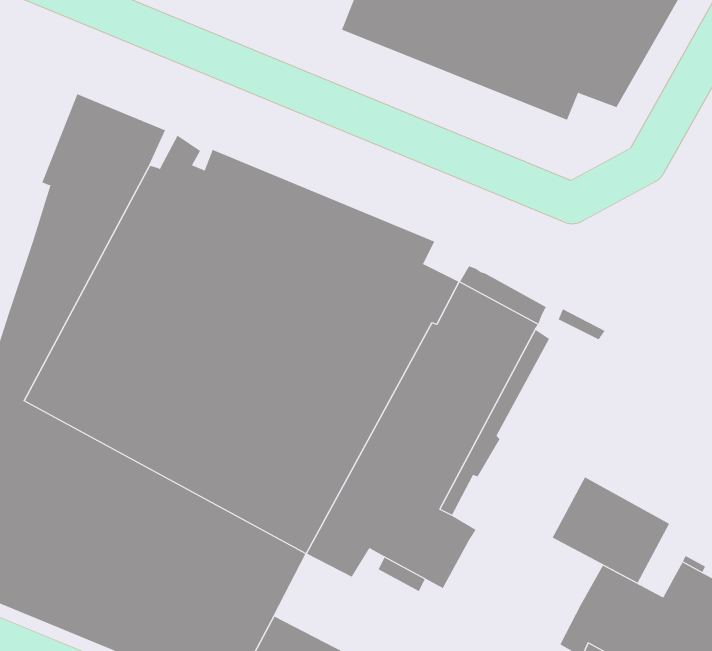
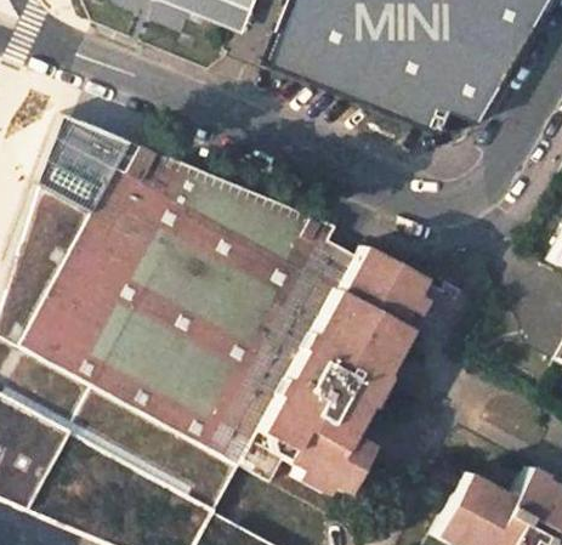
building: [552,476,670,583] -> none

